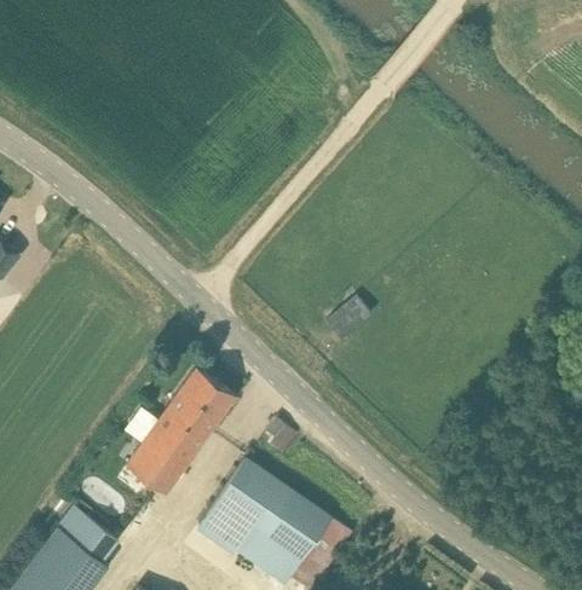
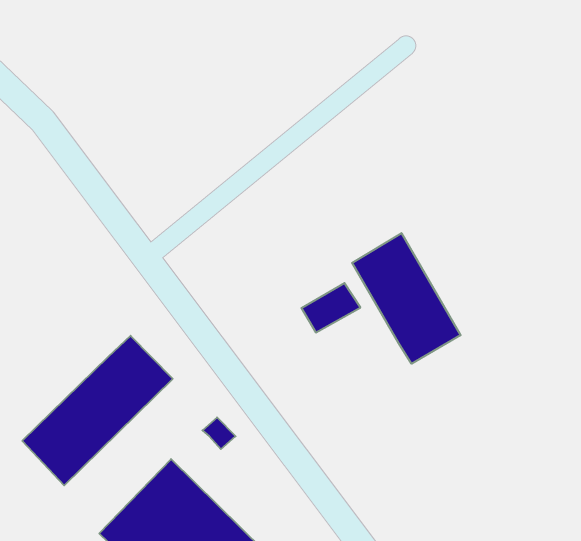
building: none -> [352,233,461,364]

